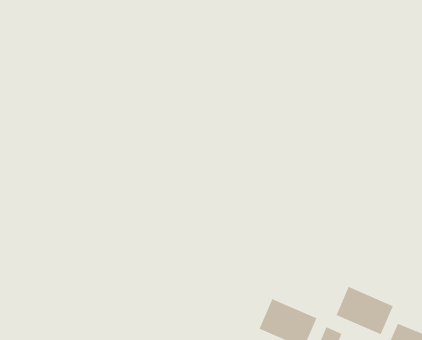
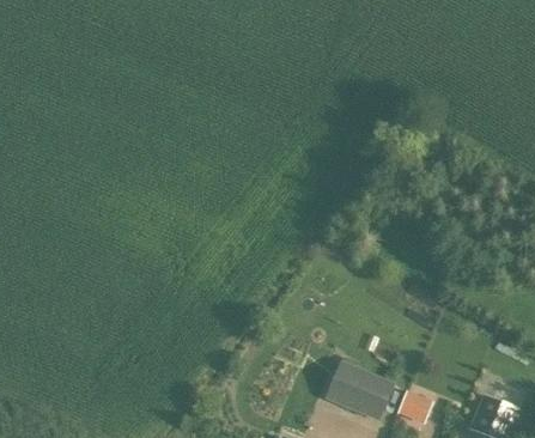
building: [335,286,394,335] -> none

